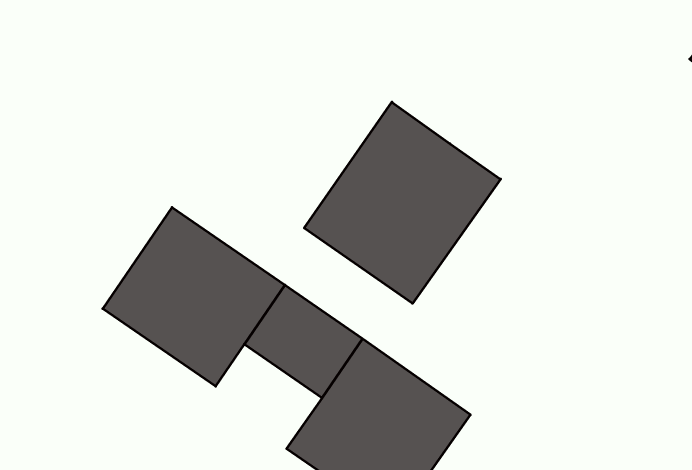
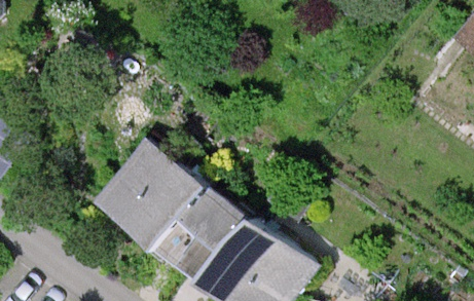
building: [304,102,501,303] -> none

